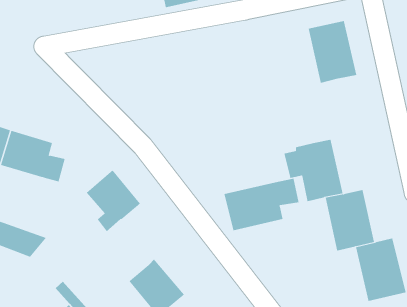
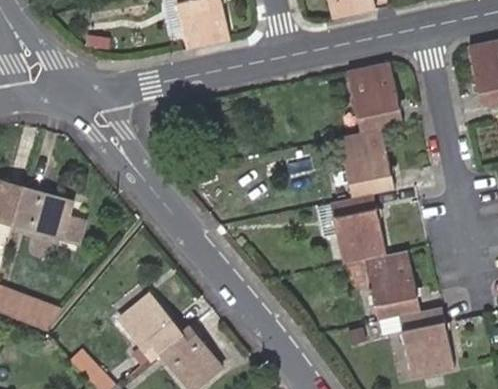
building: none -> [340,128,397,199]
building: [86,169,141,232] -> [109,297,170,367]
building: [224,178,299,231] -> none

